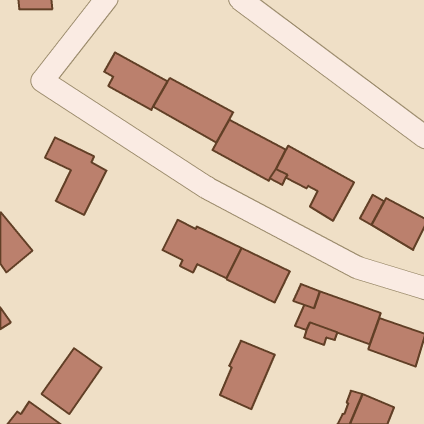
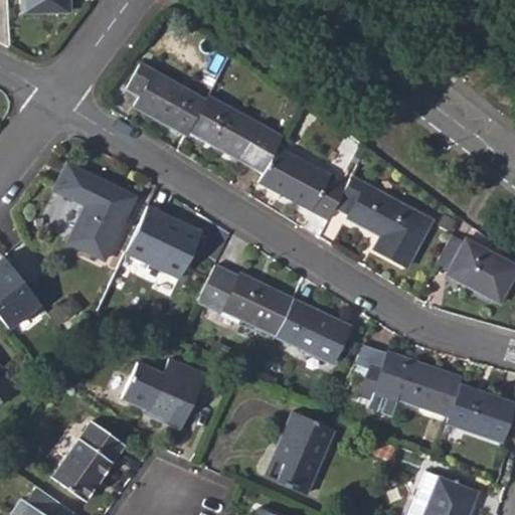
building: none -> [127,207,204,279]
building: none -> [122,359,206,430]

